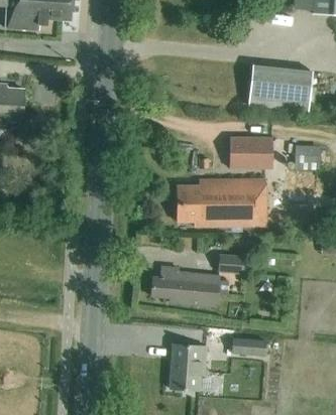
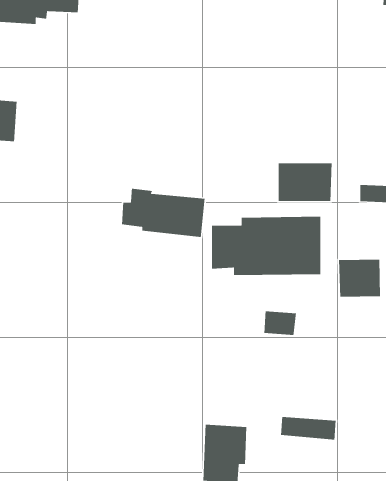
building: [247,62,310,106] -> none
building: none -> [338,259,381,297]
building: [153,267,220,306] -> [121,188,205,238]

